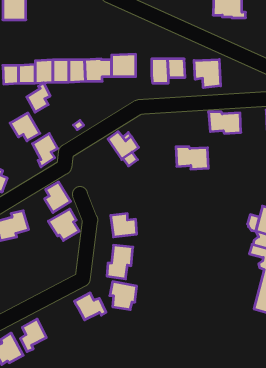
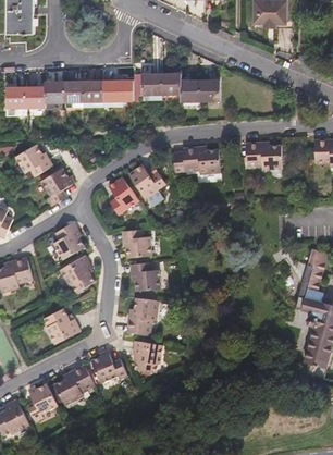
building: none -> [161,72,180,99]
building: [194,59,221,88] -> none
building: [27,83,50,112] -> none
building: none -> [109,174,138,212]
building: [176,147,208,169] -> [184,145,222,171]
building: none -> [125,226,156,253]
building: none -> [44,307,79,344]
building: none -> [53,362,95,404]

